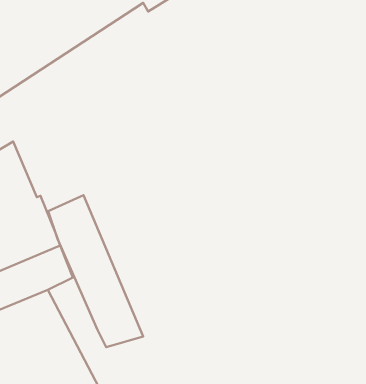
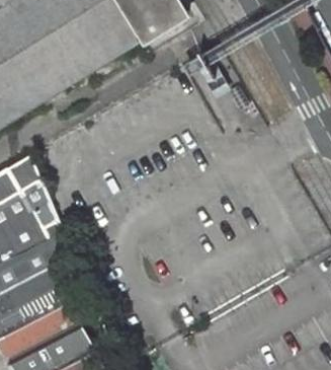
building: [48,195,143,347] -> none

